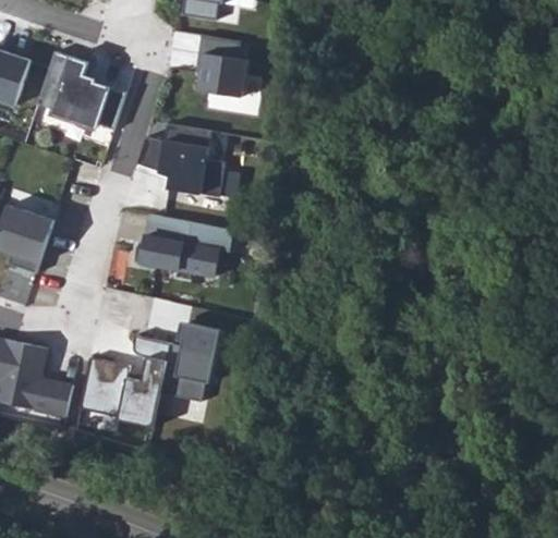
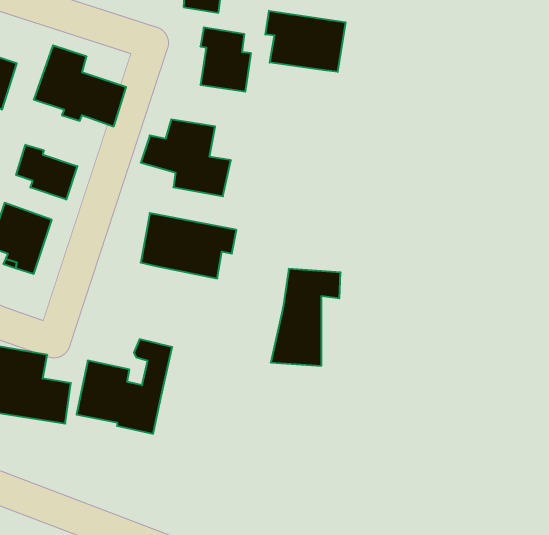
building: none -> [265,11,346,72]
building: none -> [16,145,77,200]
building: [159,307,227,401] -> [271,269,341,366]

